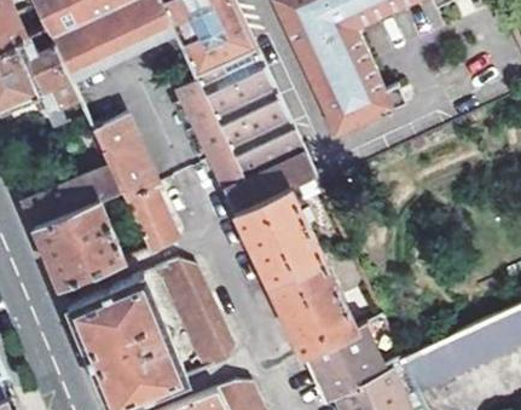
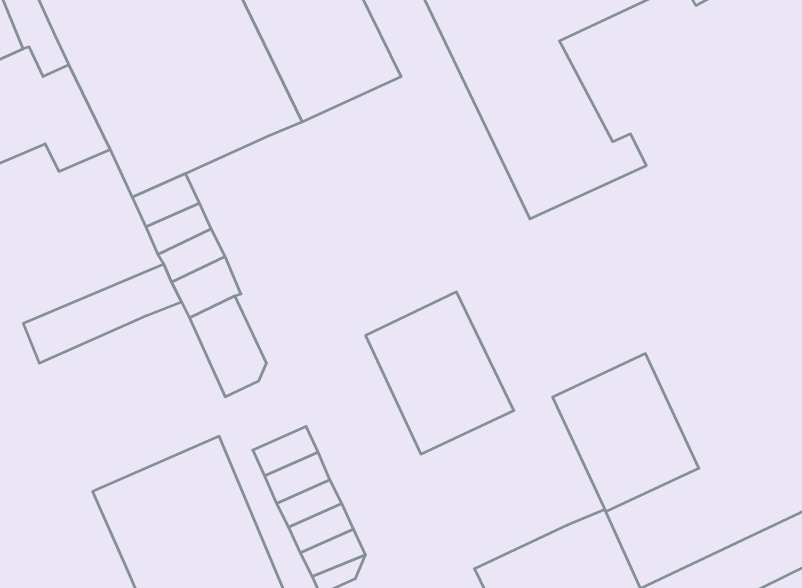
building: [174,53,312,212] -> none
building: [34,200,125,288] -> none
building: [267,258,357,354] -> [553,354,699,512]

